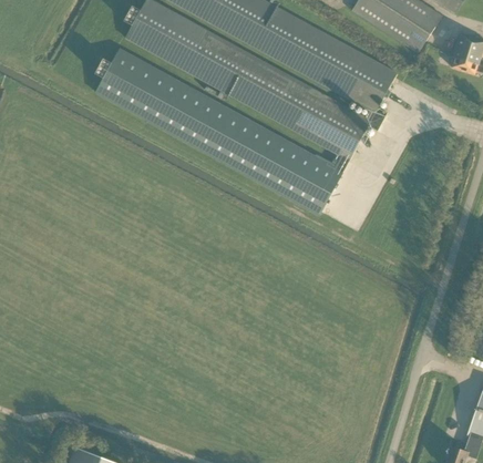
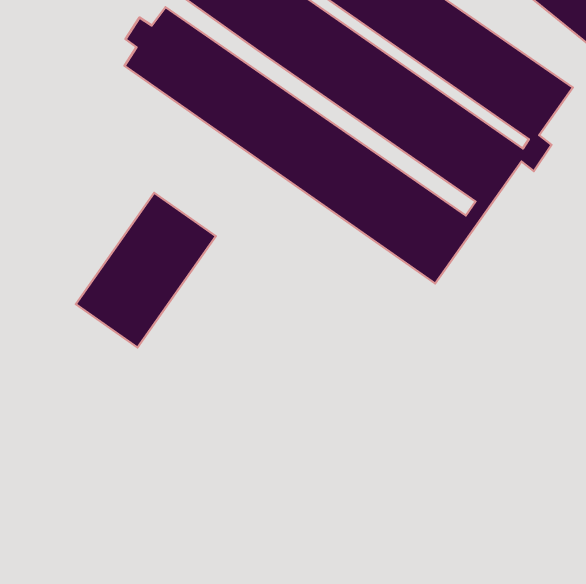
building: none -> [76,193,216,347]

